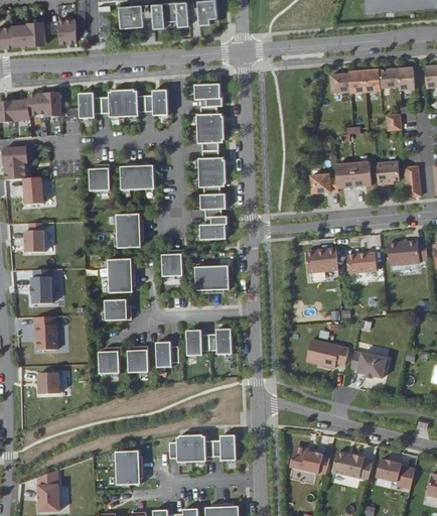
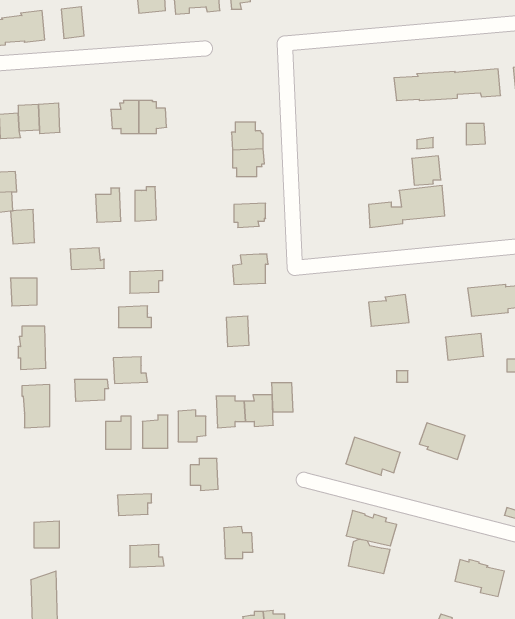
building: [195,86,224,110] -> none
building: [146,93,170,118] -> none
building: [81,95,104,121] -> none
building: [200,153,226,175] -> none
building: [373,160,396,183] -> [412,156,441,185]
building: [138,161,155,187] -> none
building: [401,164,417,196] -> none
building: [200,192,226,216] -> none
building: [117,212,144,229] -> [70,248,104,269]
building: [162,248,183,274] -> none
building: [345,251,376,272] -> [445,333,484,360]
building: [211,264,229,287] -> [271,383,293,412]
building: [109,273,136,290] -> [74,380,109,401]
building: [304,334,347,364] -> [346,437,400,475]
building: [35,375,55,396] -> [34,521,59,548]
building: [214,430,238,456] -> none
building: [171,432,193,458] -> [190,459,218,490]
building: [332,448,373,477] -> [346,510,397,546]
building: [118,463,145,480] -> [117,494,152,516]

